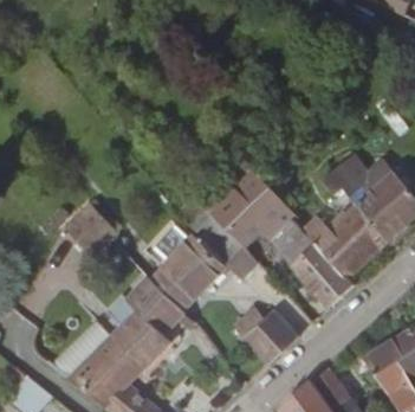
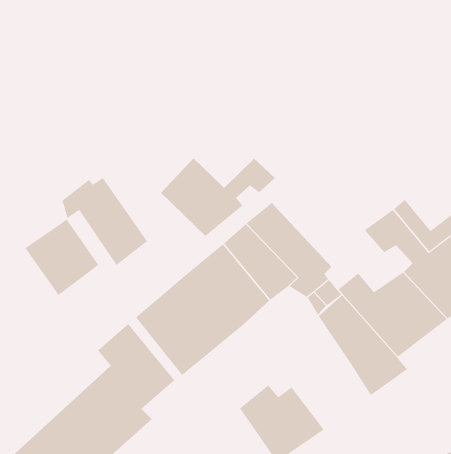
building: none -> [160,158,276,237]
building: none -> [62,177,148,266]

